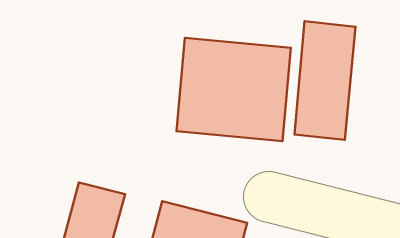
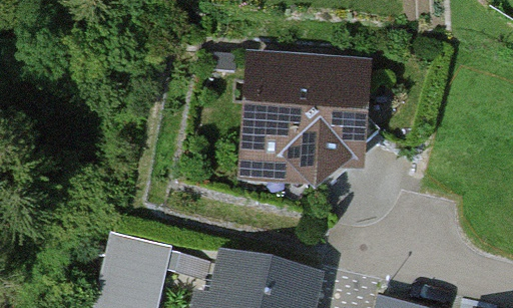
building: [295,21,356,140] -> none

